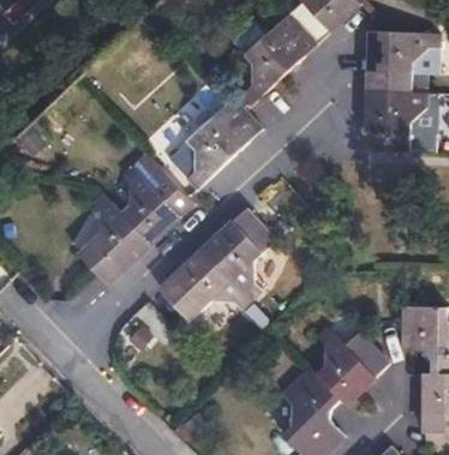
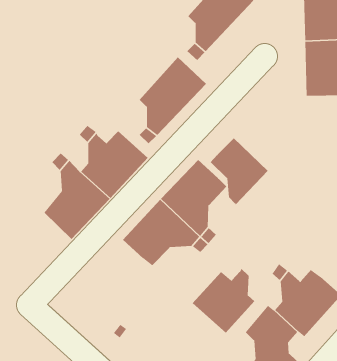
building: none -> [210,138,269,205]
building: none -> [192,268,255,333]

